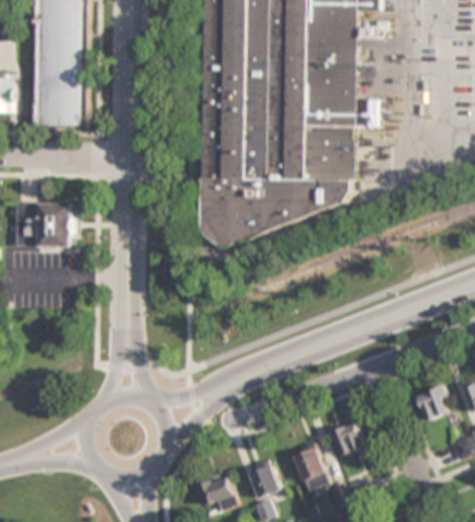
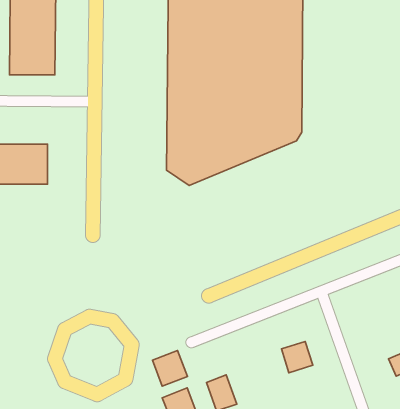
building: [419,384,453,419] -> none
building: none -> [152,351,187,386]
building: [297,445,330,490] -> none

